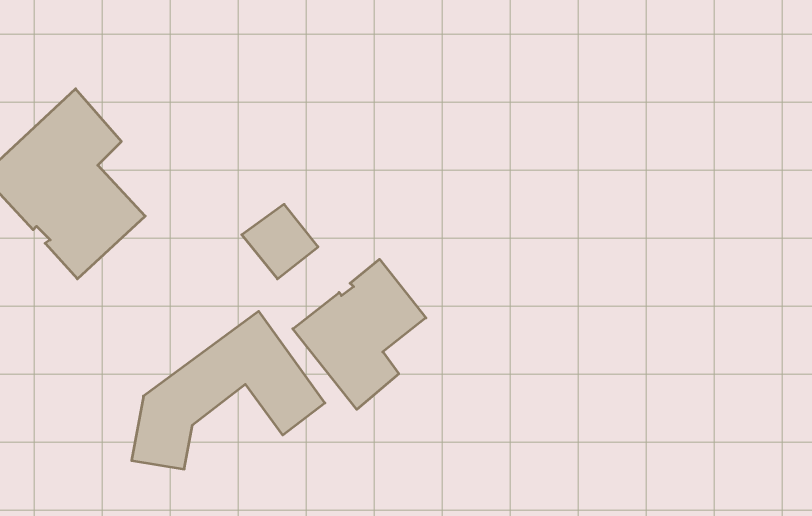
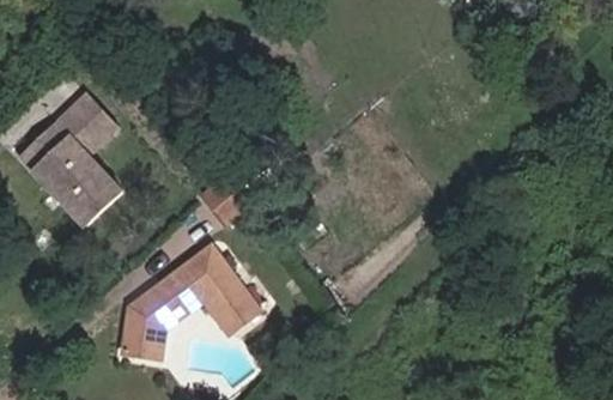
building: [293,259,426,409] -> none

